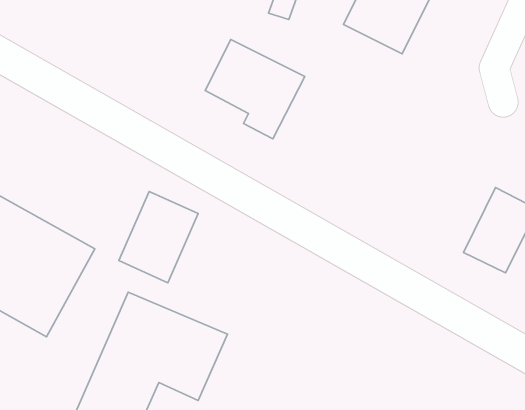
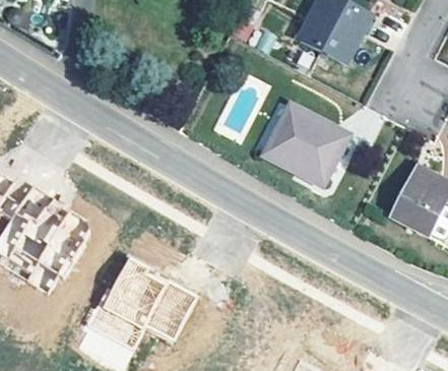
building: [205,40,305,139] -> [267,108,346,187]
building: [119,192,198,283] -> none

